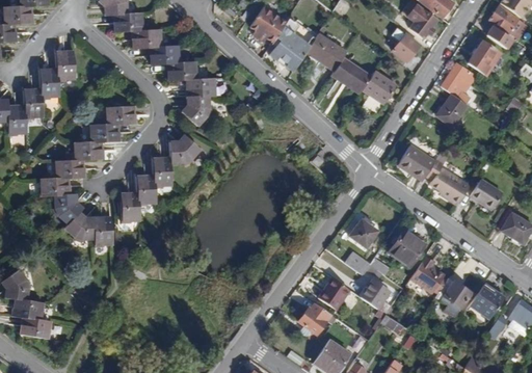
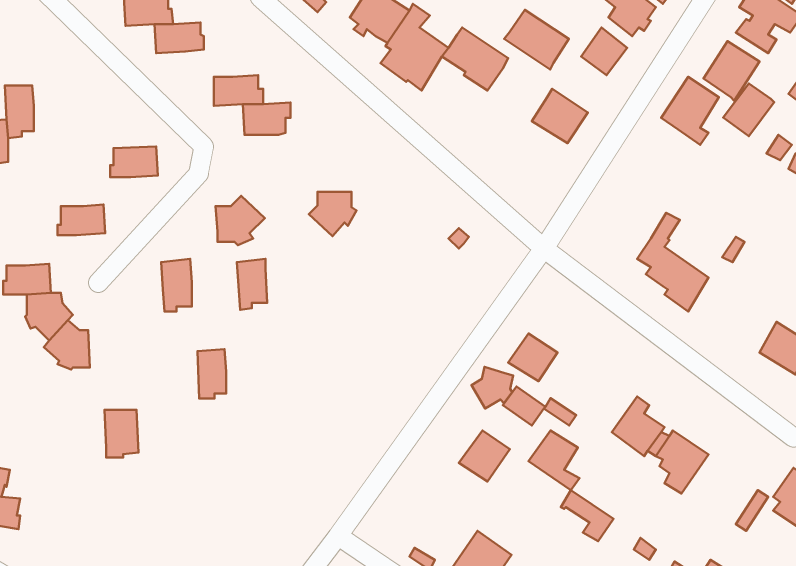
building: [151,46,180,63] -> none
building: [56,51,74,80] -> none
building: [332,57,372,94] -> [504,10,569,70]
building: [436,95,468,127] -> [723,84,774,136]
building: [182,98,211,125] -> [309,192,356,236]
building: [88,124,117,141] -> none
building: [398,145,435,181] -> none
building: [153,157,171,188] -> [237,259,267,310]
building: [53,159,85,178] -> none
building: [472,180,502,210] -> none
building: [121,192,138,222] -> [197,349,226,399]
building: [91,217,112,246] -> [104,410,138,458]
building: [389,230,426,267] -> none
building: none -> [472,367,513,408]
building: [470,284,504,319] -> none
building: [298,303,337,335] -> none

